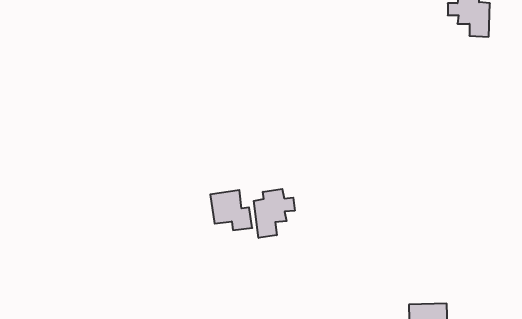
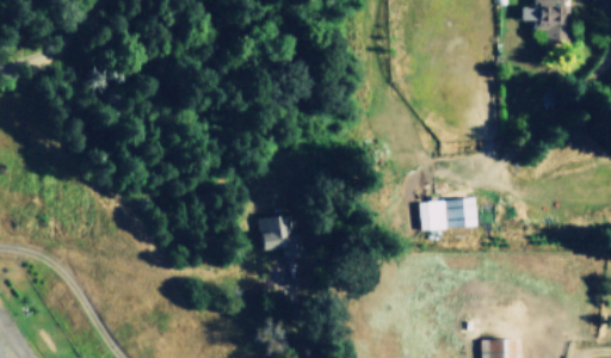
building: none -> [418,197,477,232]
building: [254,189,295,238] -> none

